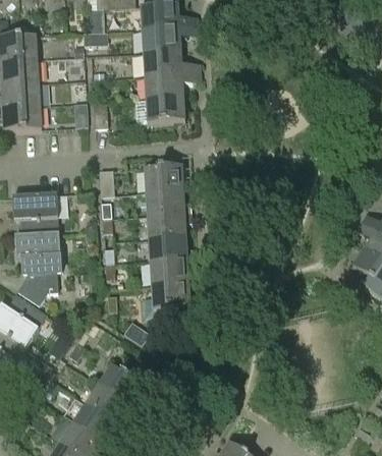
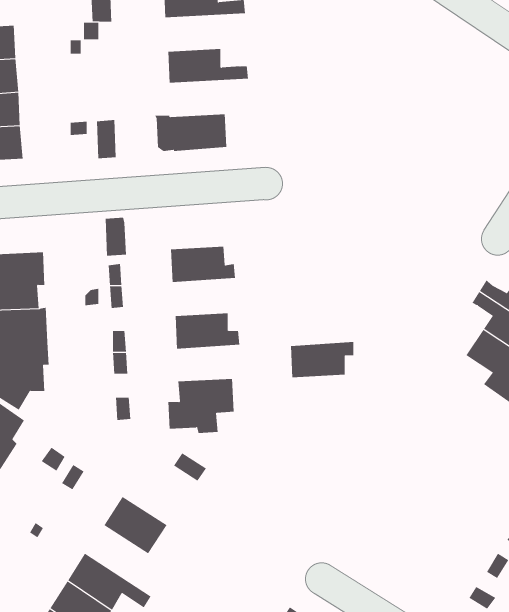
building: [141,25,198,52] -> none
building: [144,71,200,98] -> none
building: [144,164,182,190] -> none
building: [146,211,190,237] -> none
building: [149,258,194,283] -> [290,341,354,378]
building: [85,384,138,434] -> none

